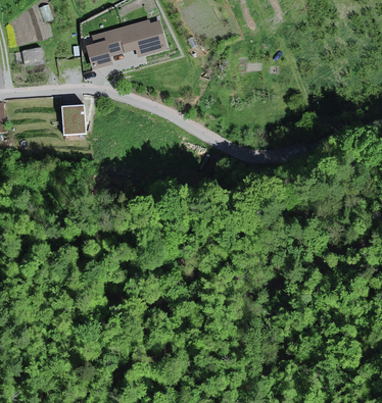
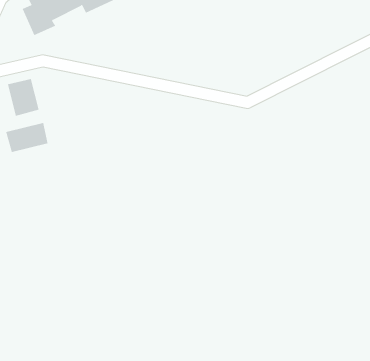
building: none -> [5,122,48,153]

